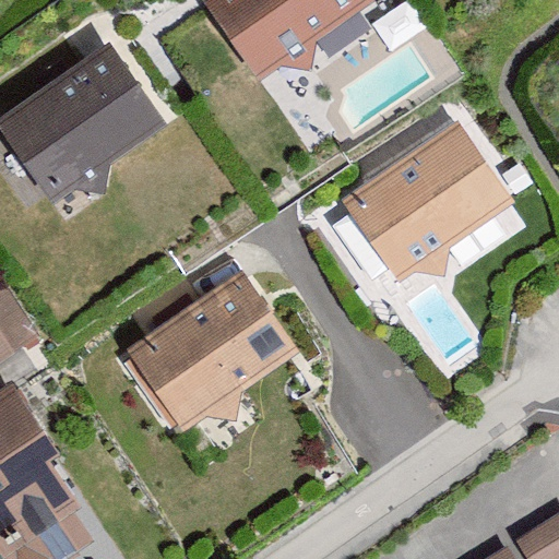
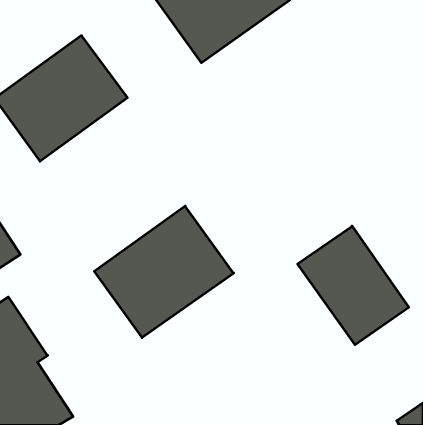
building: [338,118,514,283] -> none
building: none -> [298,226,409,345]

